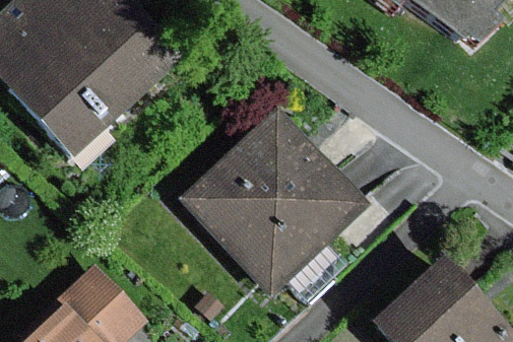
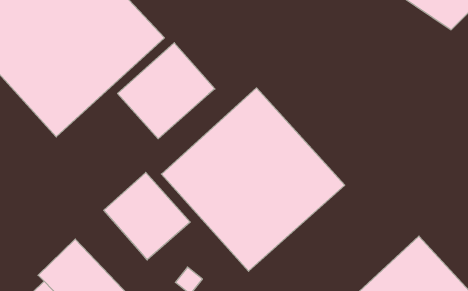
building: none -> [118,43,215,139]
building: none -> [104,172,190,260]

